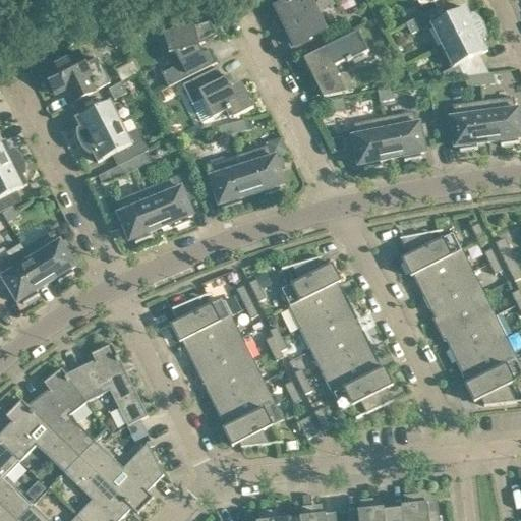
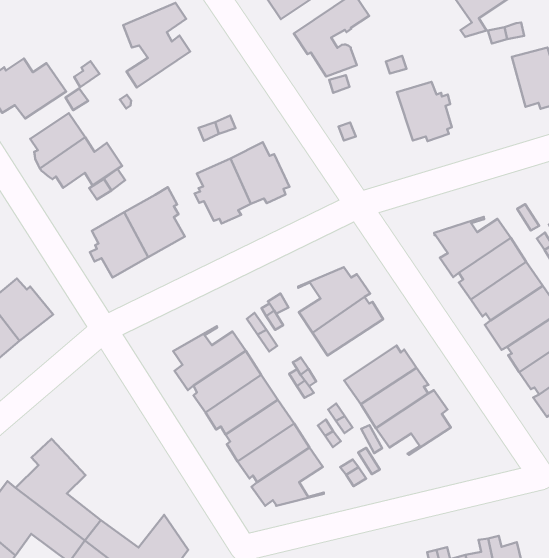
building: [182,67,252,117] -> none
building: [445,100,487,151] -> none
building: [351,117,391,169] -> none
building: [298,303,356,350] -> none
building: [65,343,148,426] -> none

